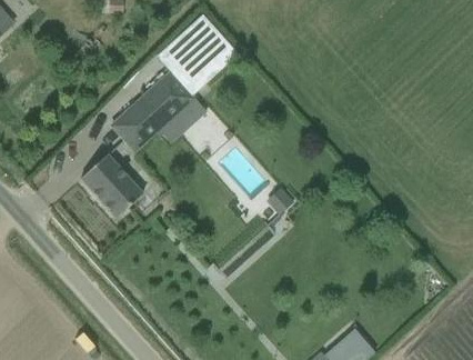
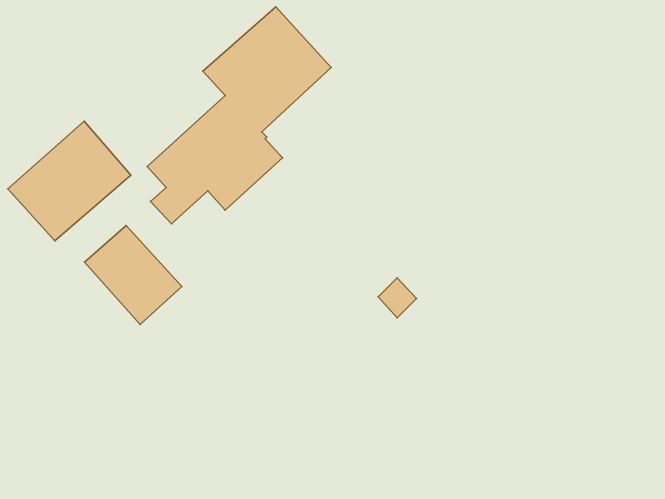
building: none -> [8,121,131,241]

